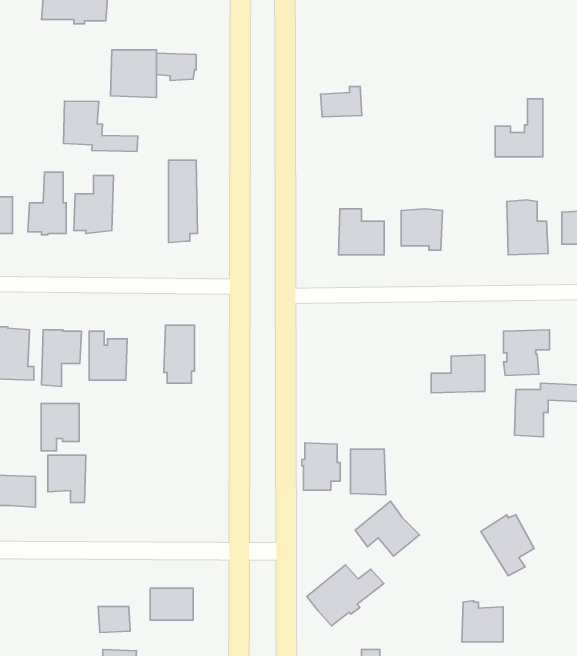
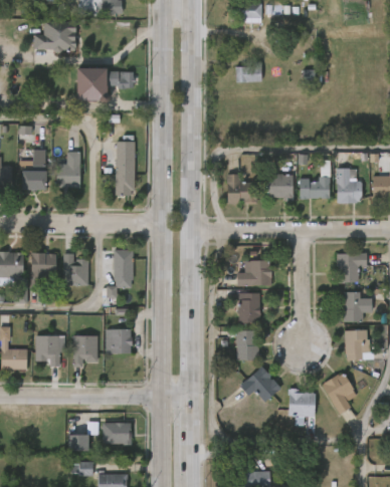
building: [320,86,362,117] -> [233,62,260,82]
building: [495,99,543,157] -> [300,160,331,198]
building: [63,101,138,152] -> none
building: [431,355,485,393] -> [235,261,270,286]
building: [41,403,79,451] -> [72,336,98,368]
building: [302,443,340,490] -> [235,293,260,324]
building: none -> [105,329,133,353]
building: none -> [344,330,367,360]
building: [307,565,384,626] -> none
building: [462,601,503,642] -> [286,388,314,415]

